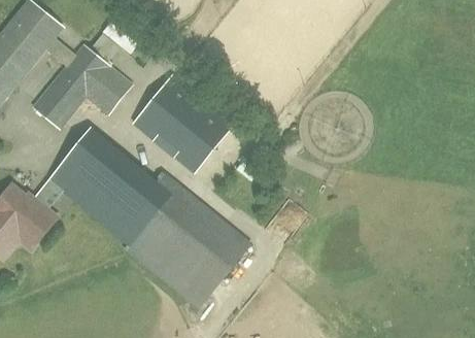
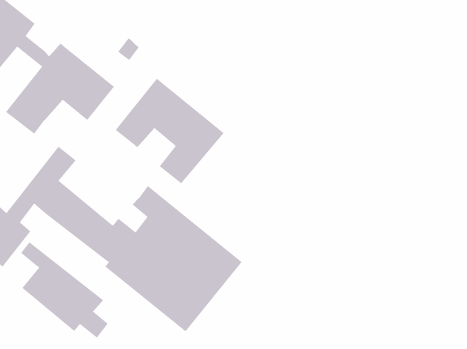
building: [154,122,188,156] -> none
building: [81,127,162,215] -> [20,241,108,338]

